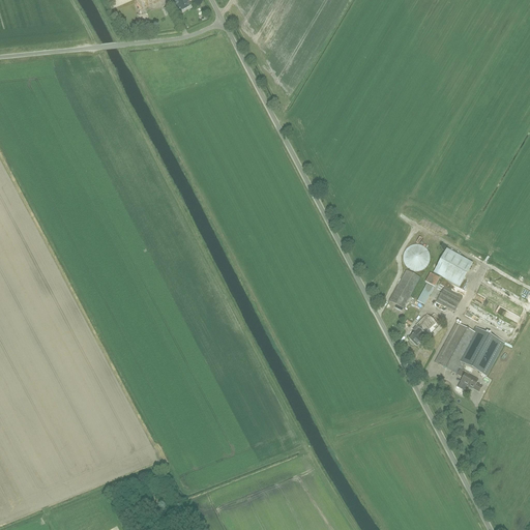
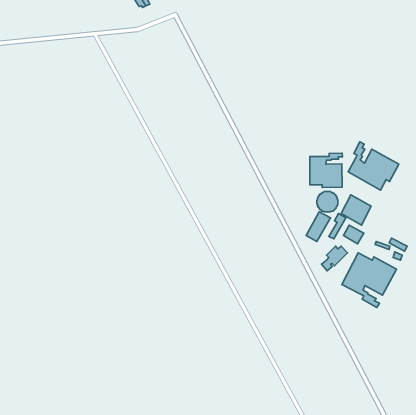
building: none -> [348,142,399,190]
building: none -> [310,153,342,188]

